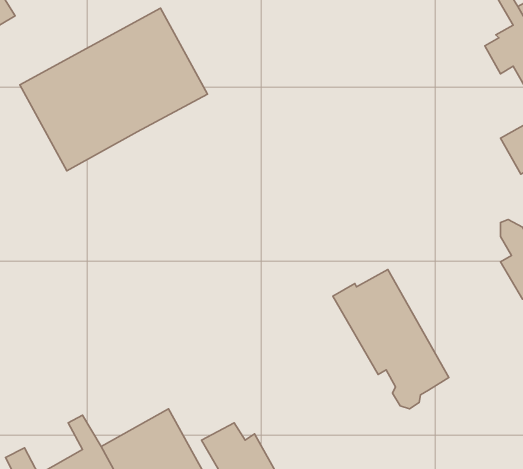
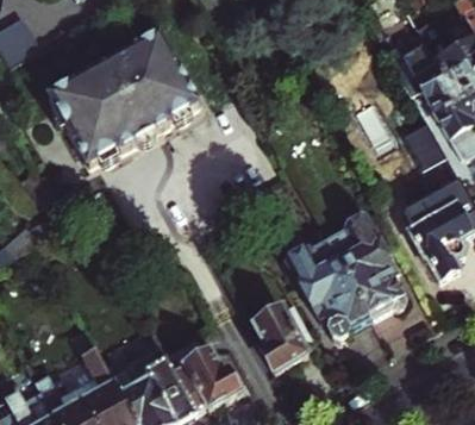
building: none -> [325,212,405,319]
building: none -> [260,311,308,376]

